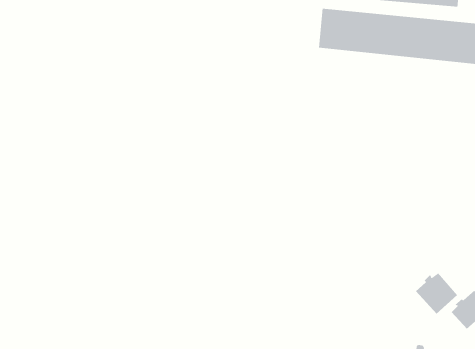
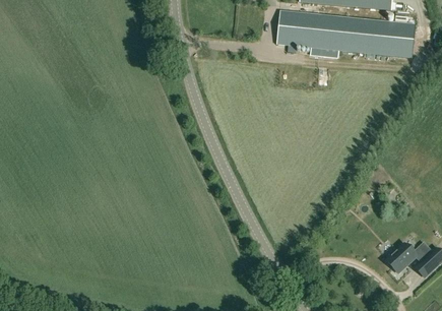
building: [415,272,458,314] -> none

